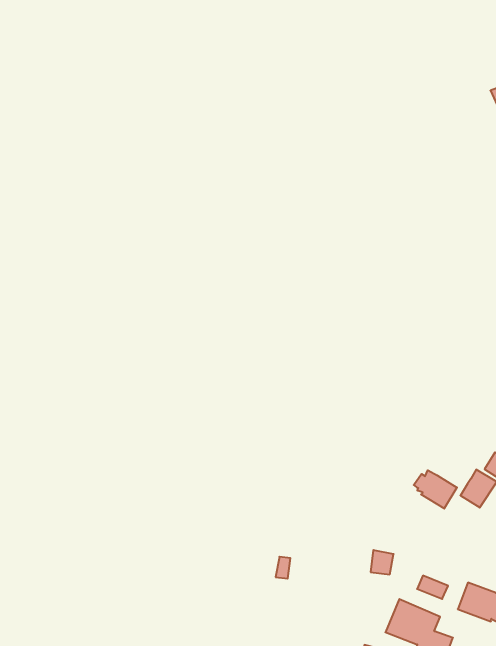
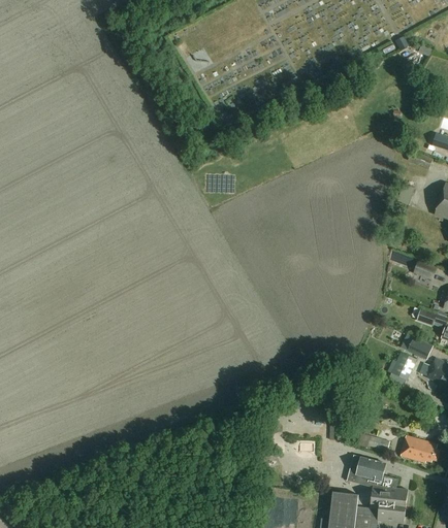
building: [414,470,457,509] -> none

